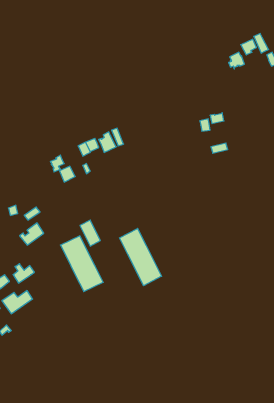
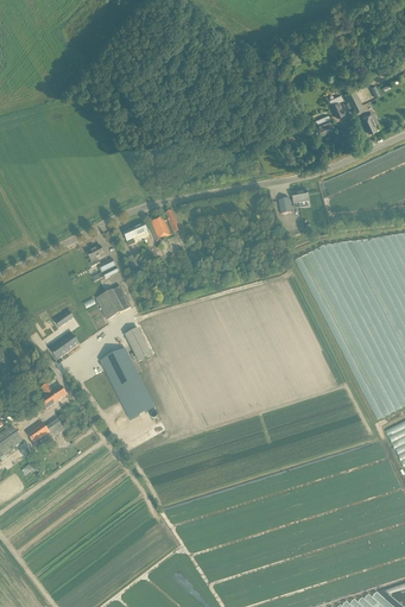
building: none -> [96,285,131,318]
building: [120,228,162,286] -> none

